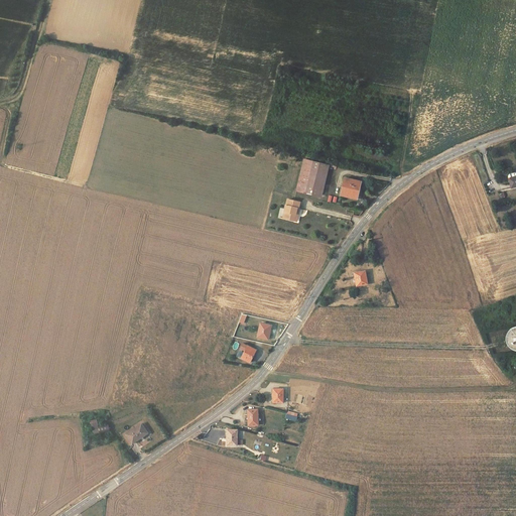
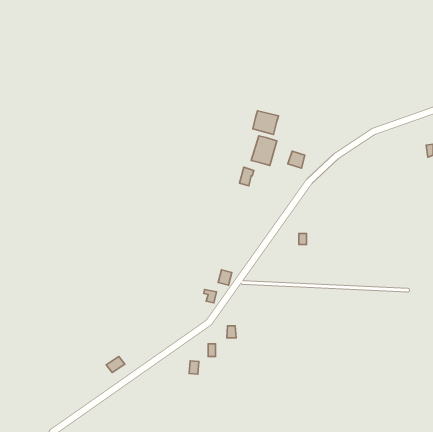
building: none -> [253,111,279,135]

